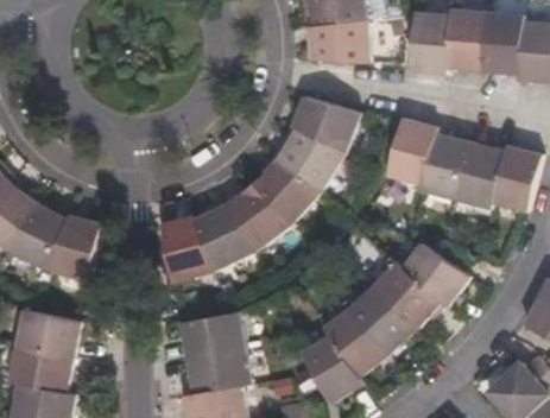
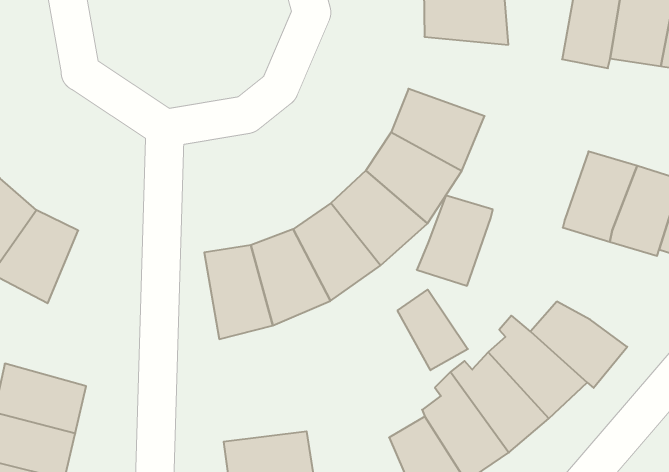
building: [381,121,434,185] -> [417,195,493,286]
building: [50,213,100,277] -> none
building: none -> [398,290,468,370]
building: [175,310,241,359] -> none

